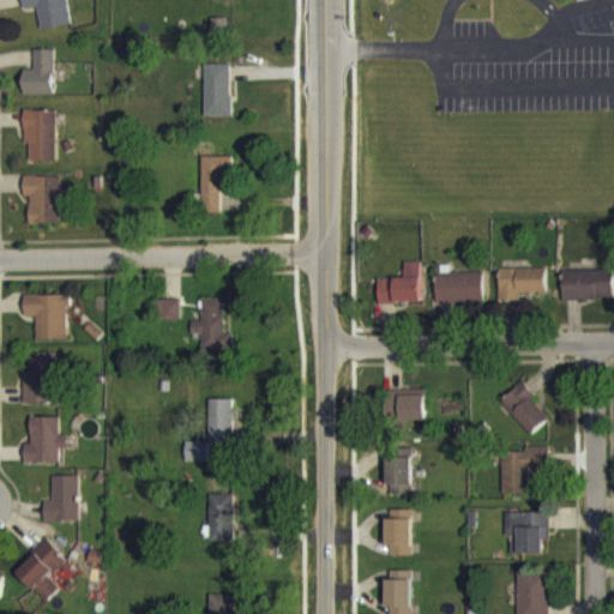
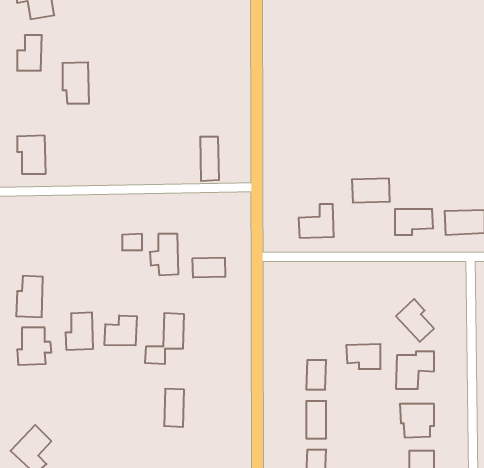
building: [201,64,229,116] -> none
building: [22,109,55,161] -> [62,62,89,103]
building: [199,157,223,212] -> [200,137,219,181]
building: [433,271,481,301] -> [352,179,390,203]
building: [22,294,67,341] -> none
building: none -> [193,258,225,278]
building: [380,389,423,420] -> [346,344,381,369]
building: none -> [104,315,137,345]
building: [42,475,77,522] -> [65,312,93,350]

